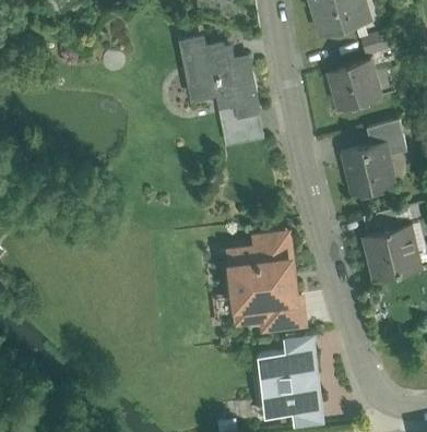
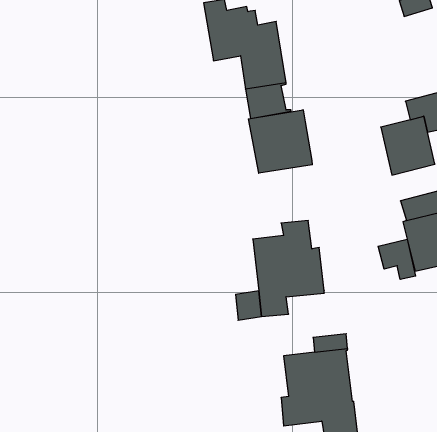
building: [328,59,380,110] -> none
building: none -> [248,110,312,173]
building: none -> [378,239,416,279]
building: [260,298,304,329] -> none

